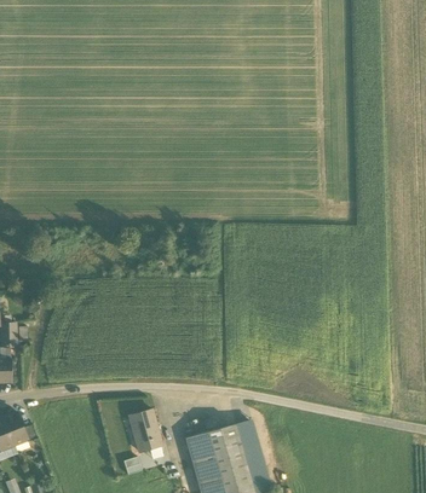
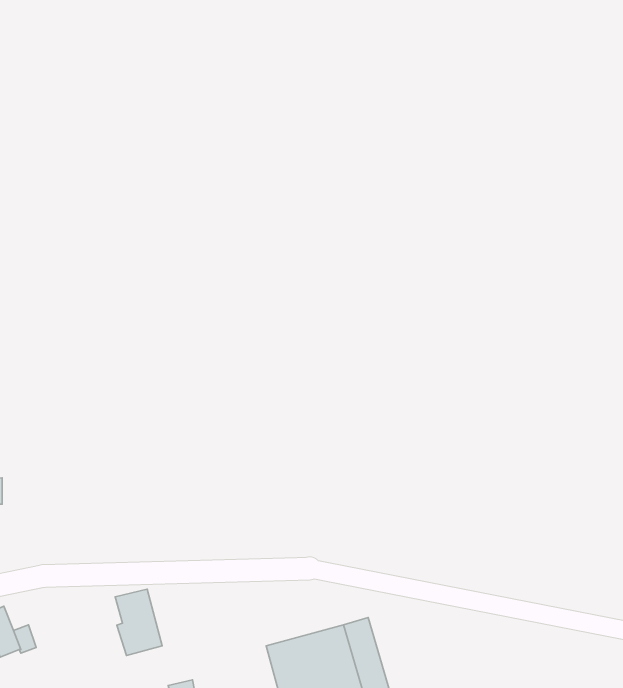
building: [132,411,162,453] -> [115,589,162,655]

